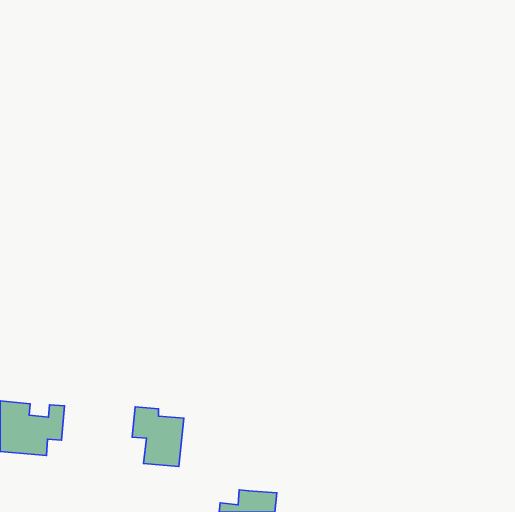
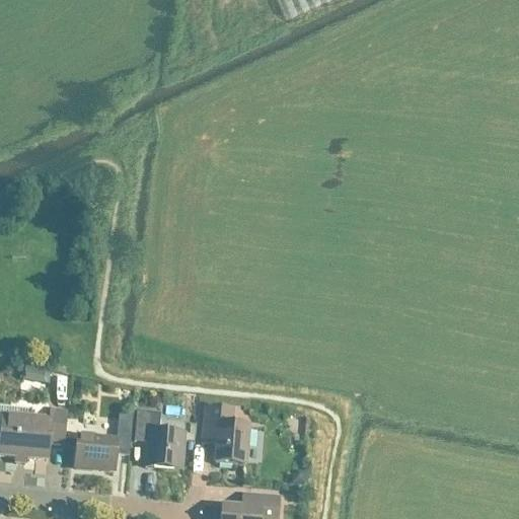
building: none -> [203,404,247,464]
building: none -> [75,412,133,469]

